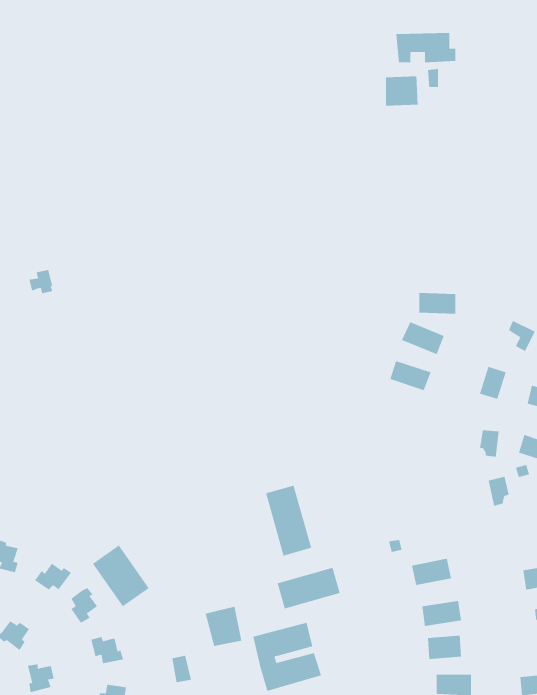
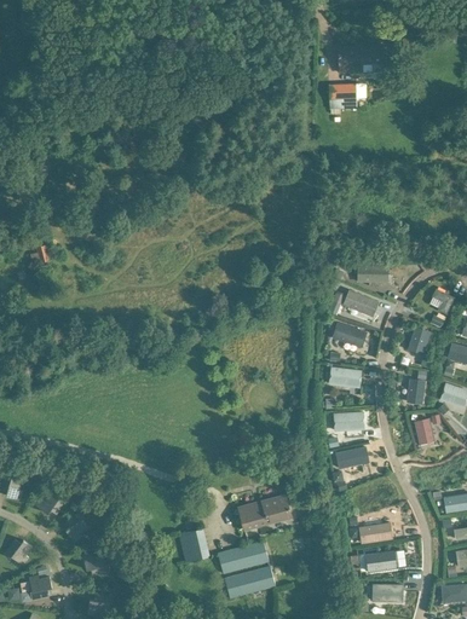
building: none -> [329,366,362,387]
building: none -> [334,411,364,432]
building: [265,485,312,556] -> none
building: [92,545,150,607] -> none
building: [411,558,452,586] -> [335,446,369,469]

